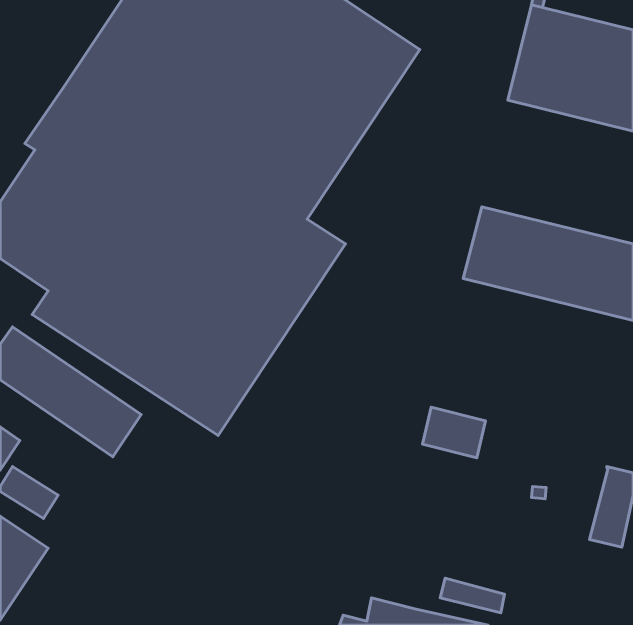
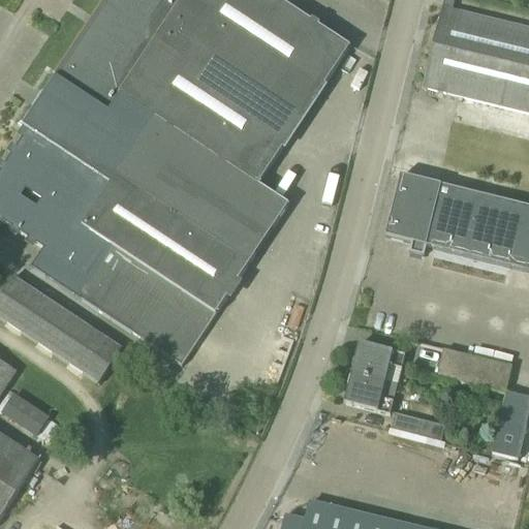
building: none -> [438,346,512,391]
building: none -> [345,371,398,411]
building: [440,578,504,613] -> [392,409,445,438]

